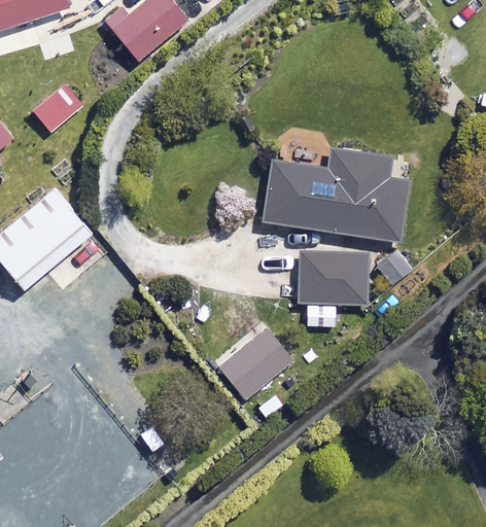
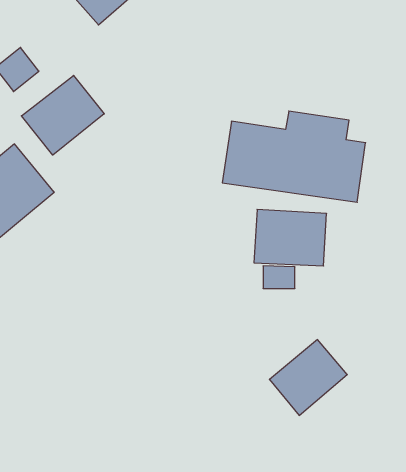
building: none -> [21,75,104,155]
building: [218,324,297,400] -> [269,340,347,415]

